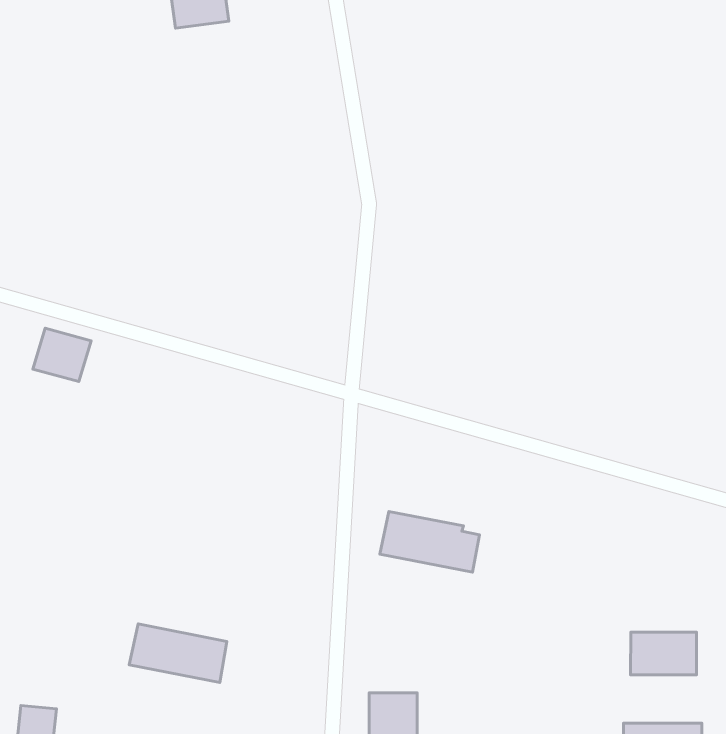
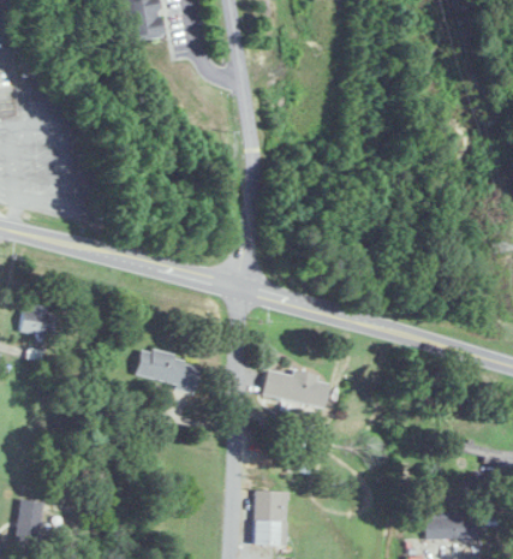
building: [33,328,91,382] -> [18,303,58,339]
building: [129,624,227,683] -> [136,350,202,389]
building: [631,632,697,675] -> none

